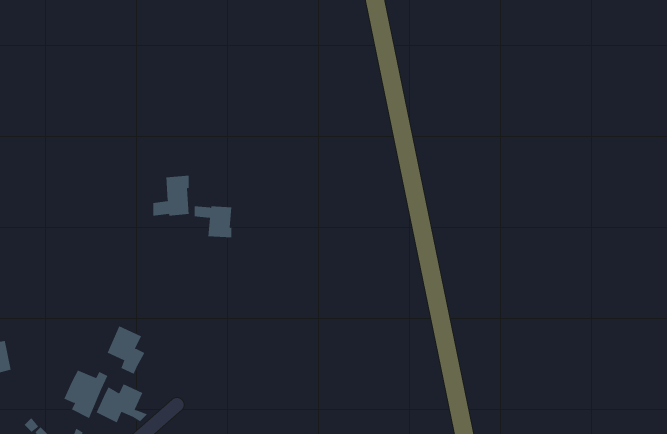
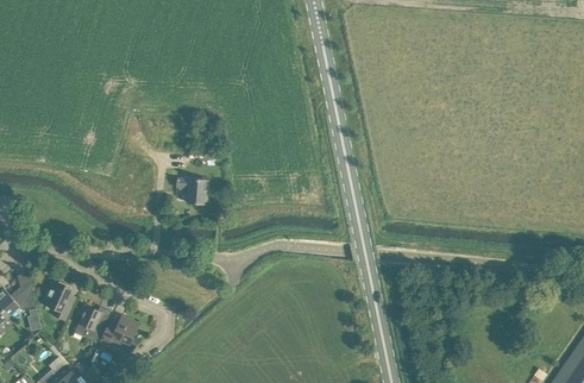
building: [153,175,189,216] -> none
building: [107,325,145,374] -> [42,281,71,319]

